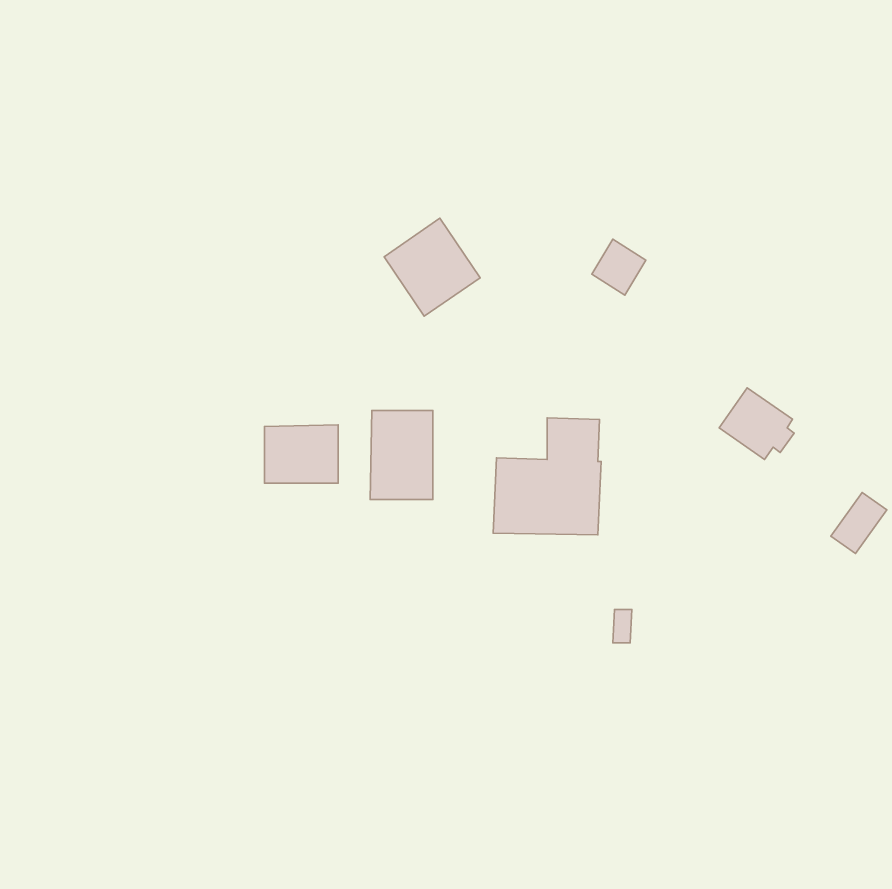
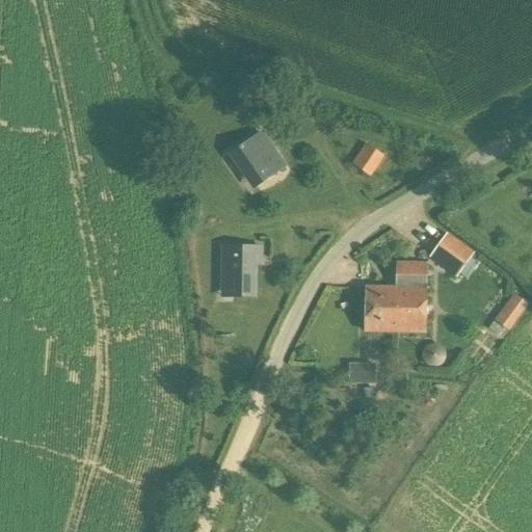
building: [493,418,601,535] -> [365,261,429,330]
building: [265,425,338,483] -> none

